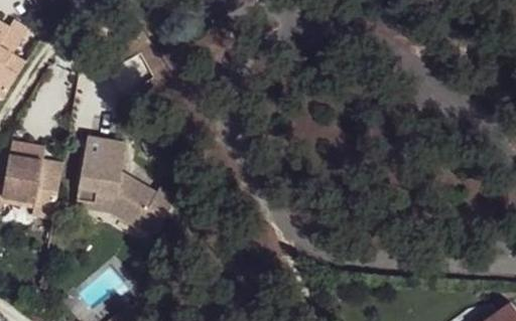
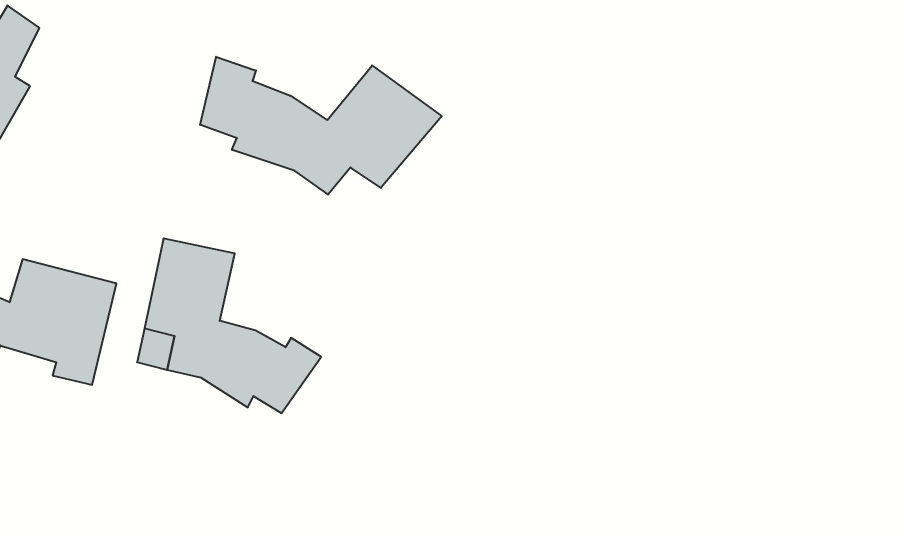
building: none -> [200,57,442,195]

